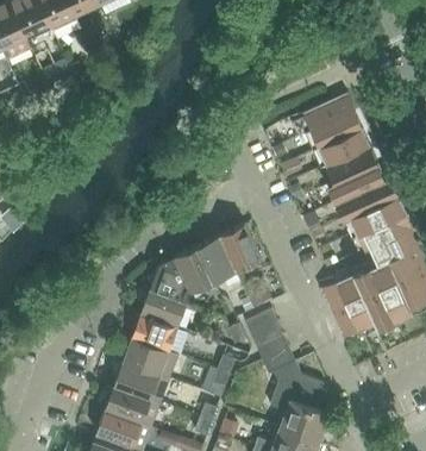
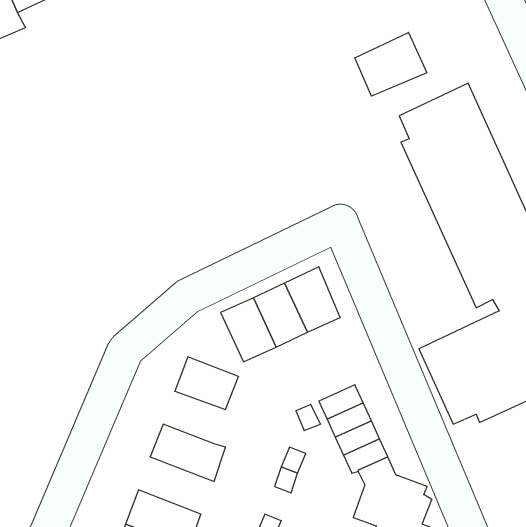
building: none -> [355,32,427,96]
building: [149,258,189,305] -> none
building: [131,315,176,353] -> none
building: [113,363,168,405] -> none

